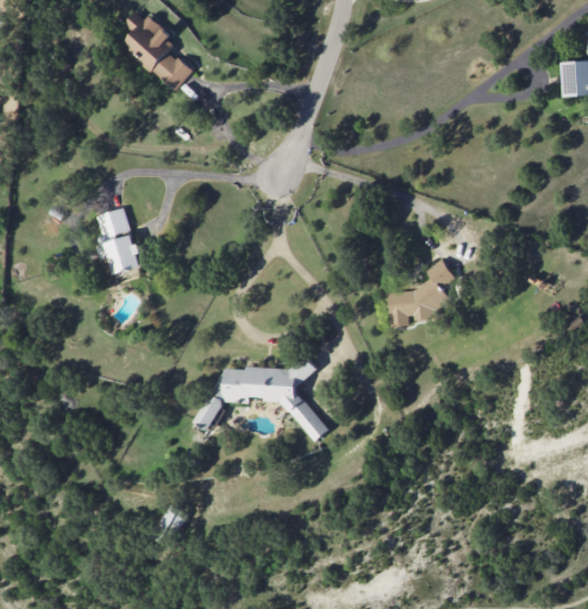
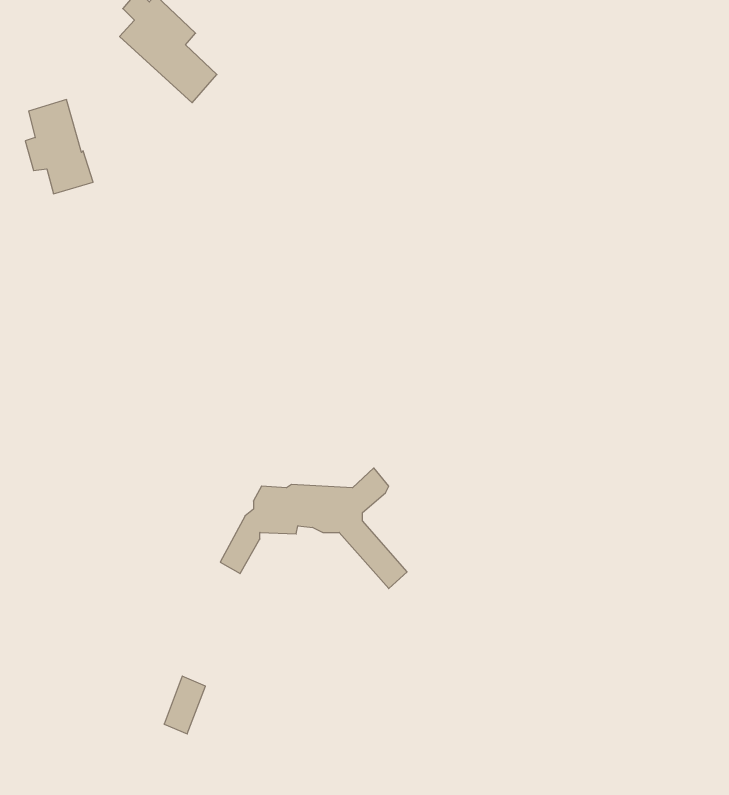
building: [94,207,143,275] -> [25,100,93,194]
building: [387,258,455,326] -> none

